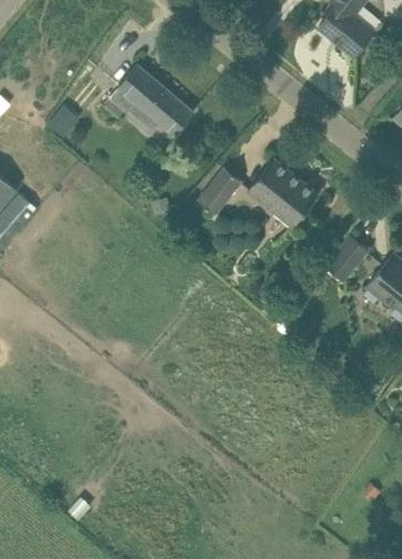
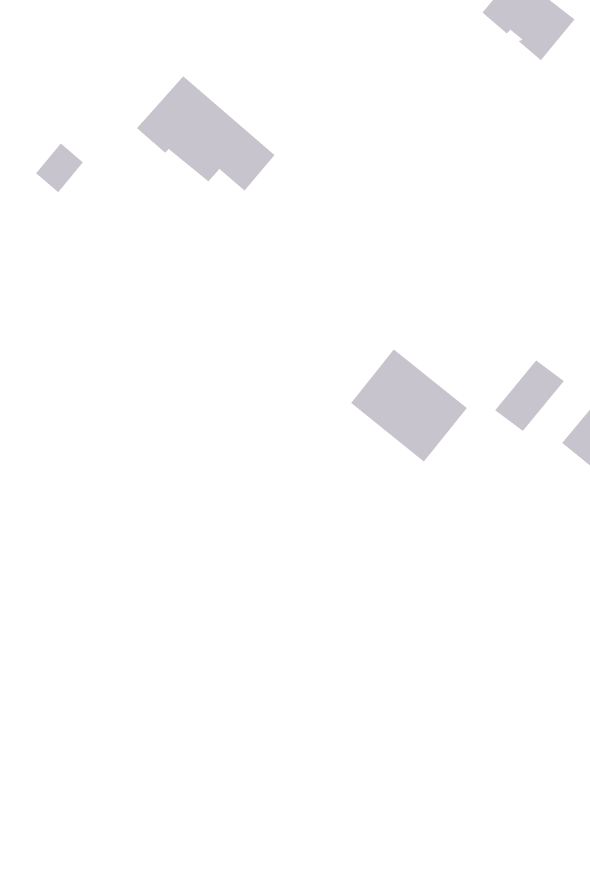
building: [248,159,319,228] -> [350,349,468,463]
building: [199,168,241,215] -> none

